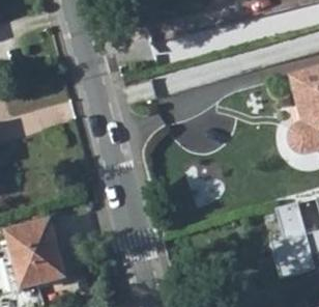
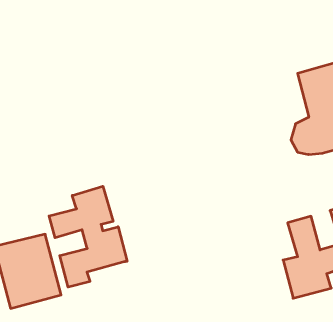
building: none -> [49,186,127,287]

